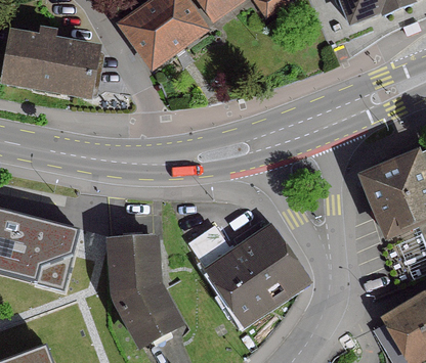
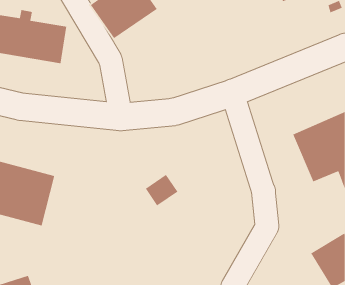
building: [207,232,302,322] -> none
building: [110,239,177,347] -> none

